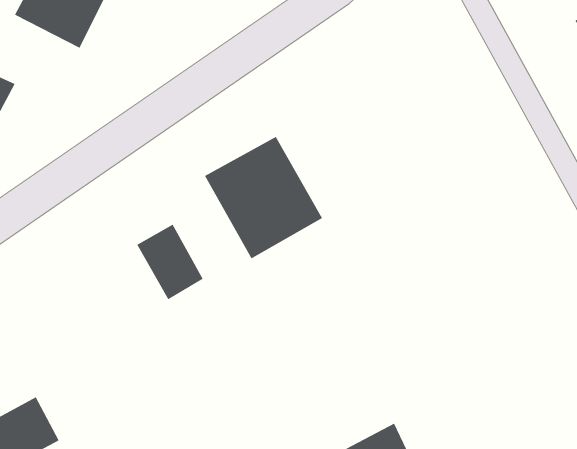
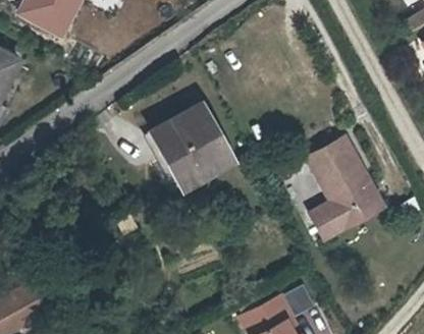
building: none -> [306,137,379,240]
building: [137,224,204,300] -> none

